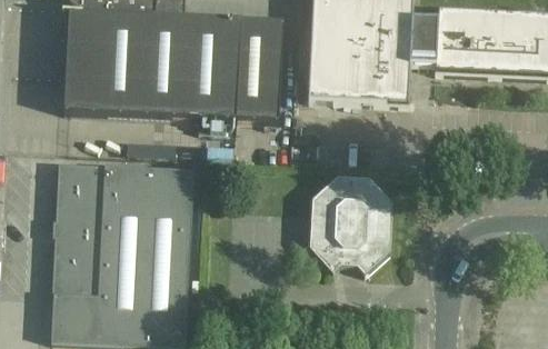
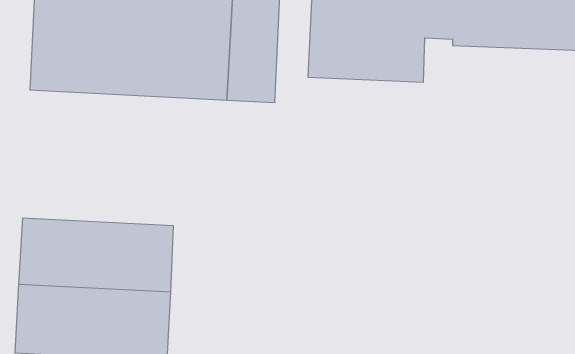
building: [58,162,193,229] -> none
building: [310,176,392,273] -> none

